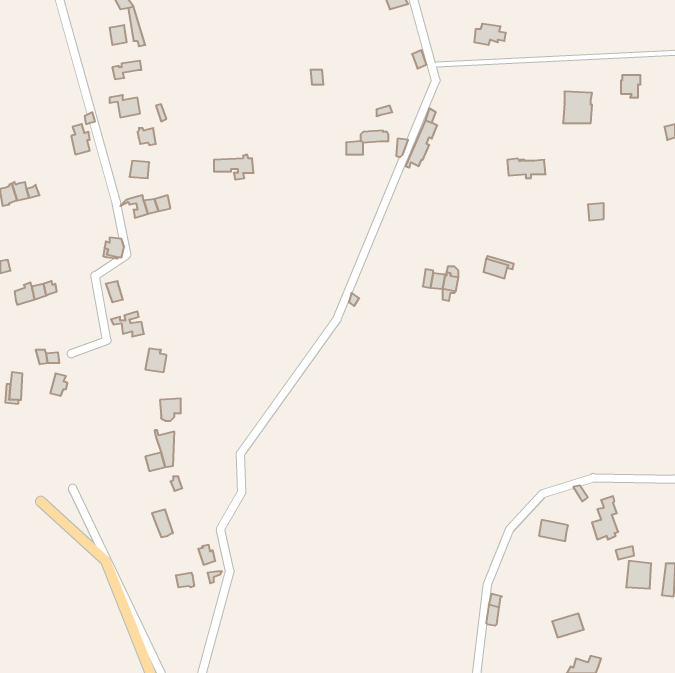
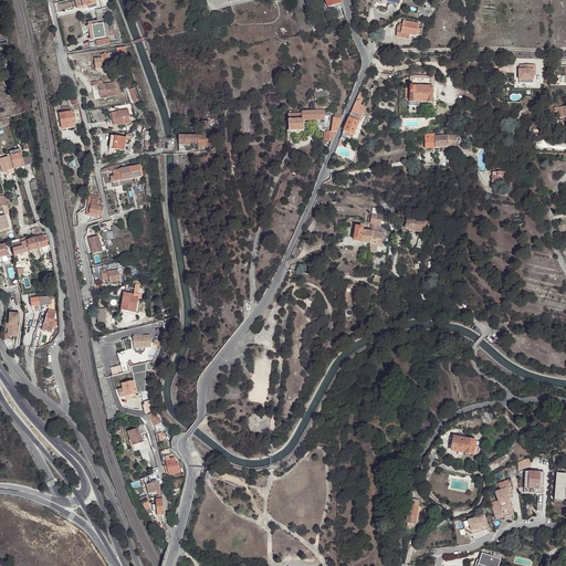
building: [563,92,592,123] -> [409,75,433,102]
building: [592,496,618,540] -> [490,480,512,516]

